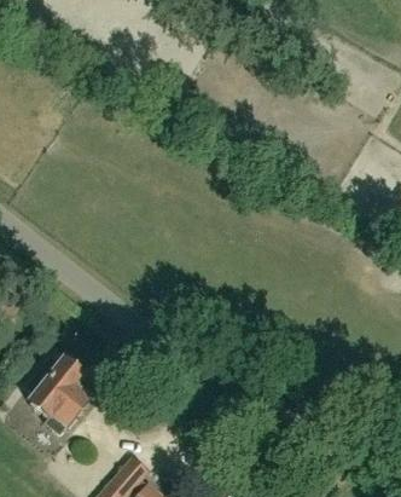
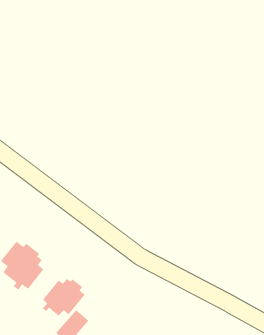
building: none -> [42,278,85,317]

